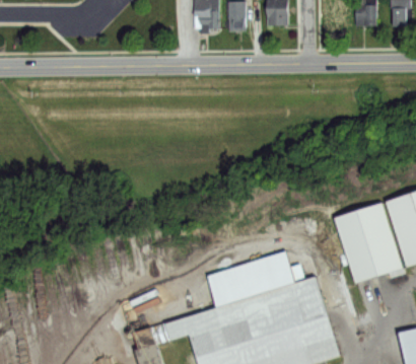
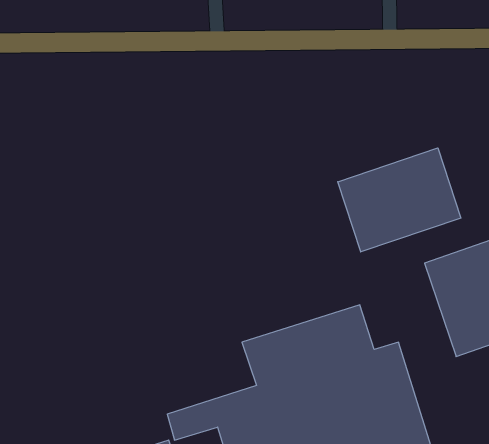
building: none -> [338,148,461,252]

